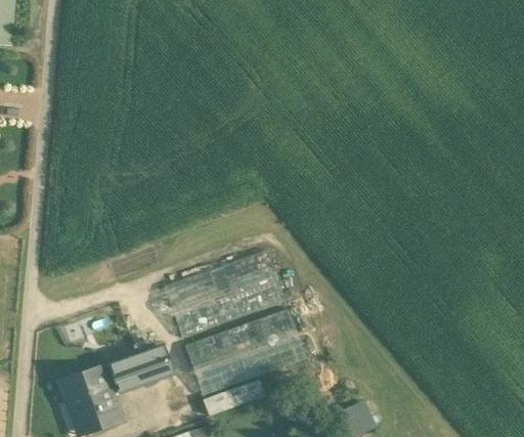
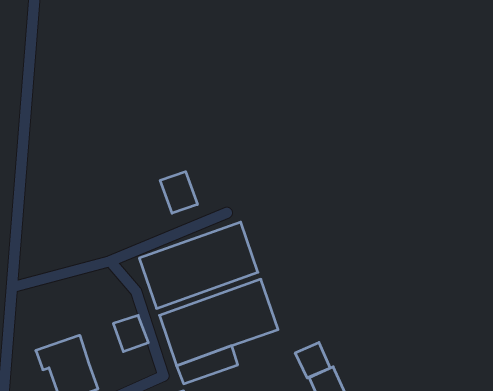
building: none -> [160,172,197,213]
building: [101,354,145,395] -> none
building: none -> [295,342,330,378]

